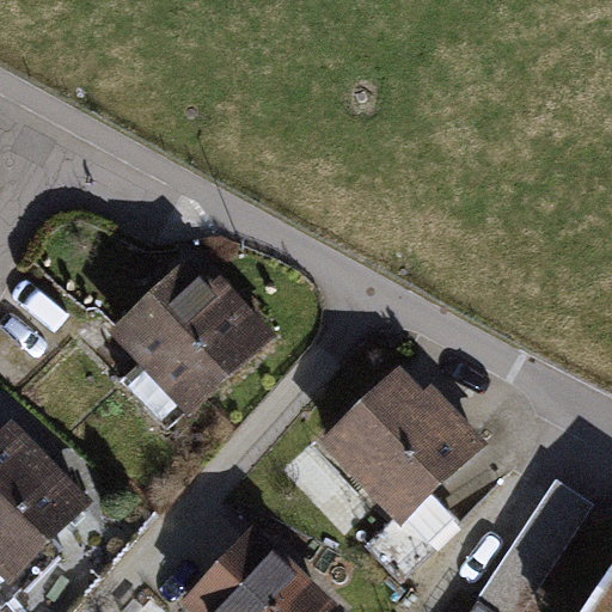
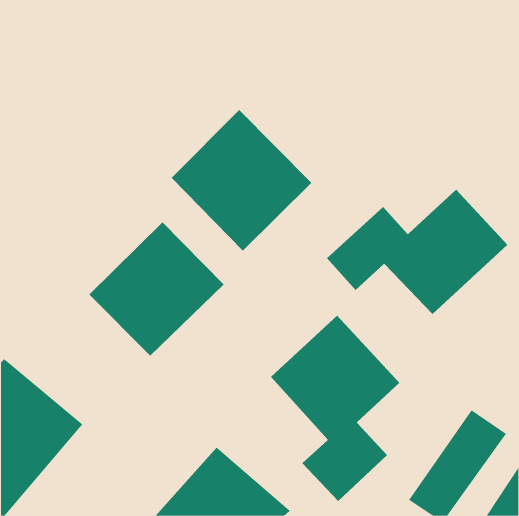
building: none -> [171,109,312,251]
building: none -> [326,189,508,315]

